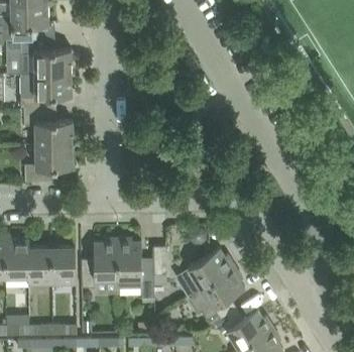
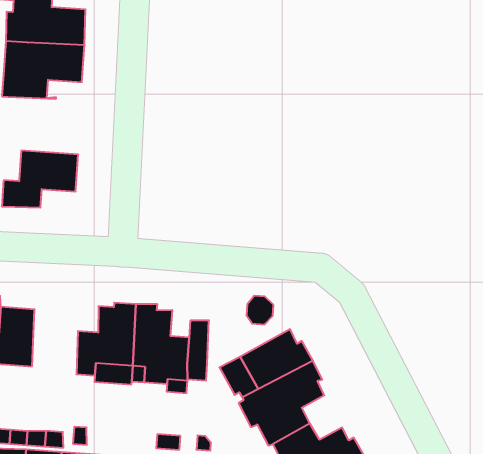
building: [24,109,73,144] -> none
building: [51,247,76,284] -> none

